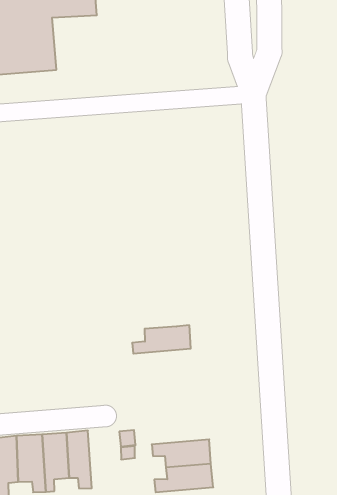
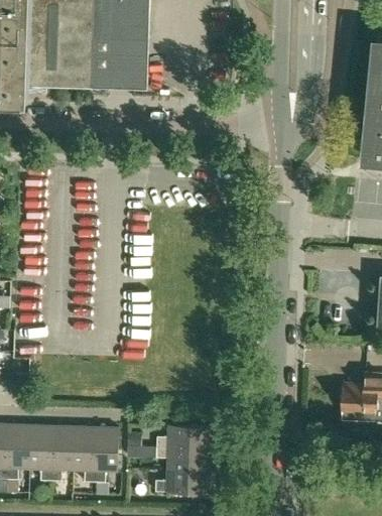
building: none -> [104,37,147,89]
building: [132,325,191,354] -> [156,425,212,448]
building: none -> [96,428,119,483]

